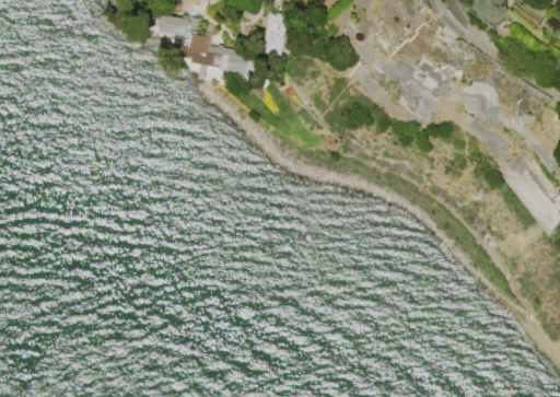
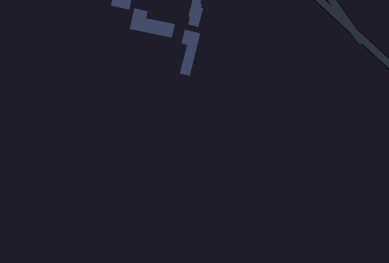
building: none -> [179,29,201,77]

